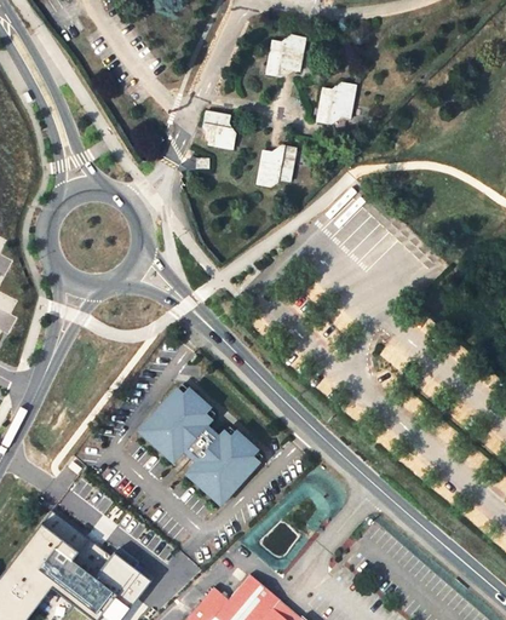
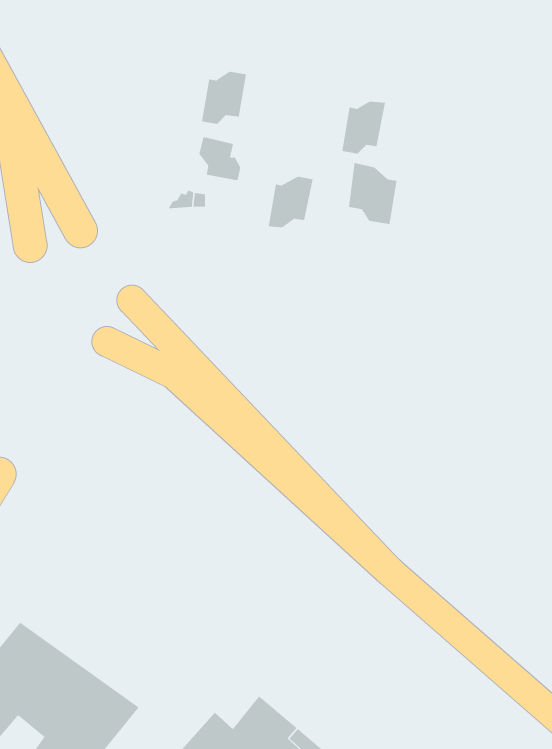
building: [265,36,303,80] -> [201,71,247,124]
building: none -> [349,162,397,225]
building: [139,383,261,503] -> none

